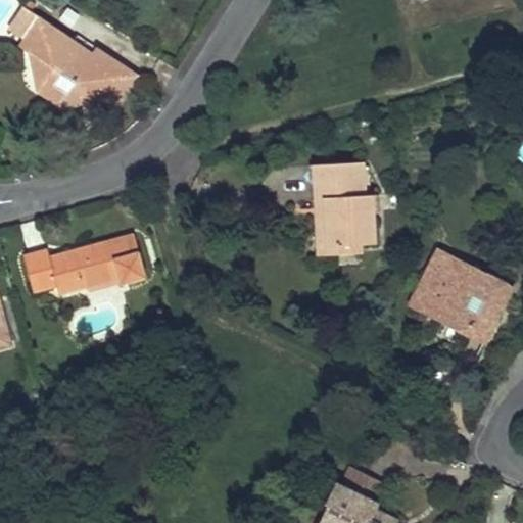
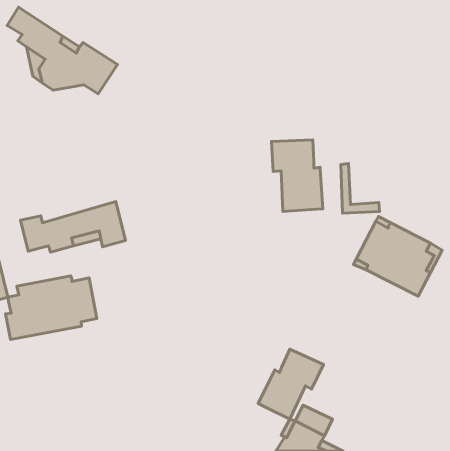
building: [316,197,361,254] -> [341,164,380,213]
building: none -> [5,276,97,340]
building: none -> [258,349,323,419]

